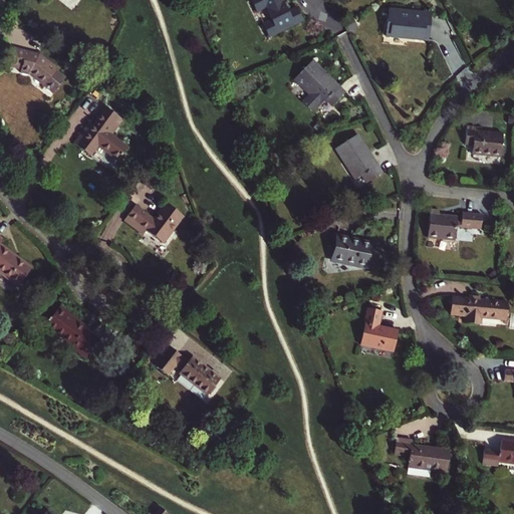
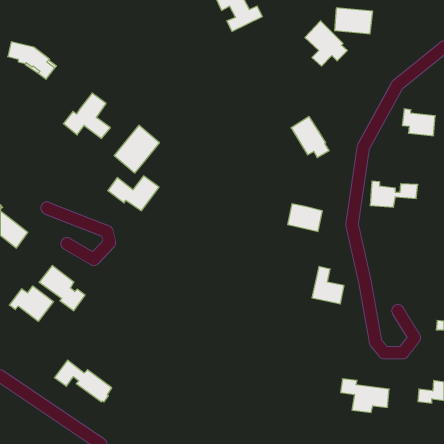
building: [295,59,344,111] -> [305,21,347,66]
building: none -> [114,125,159,173]
building: [450,296,508,323] -> none
building: none -> [9,286,54,321]
building: [155,345,221,394] -> [54,360,112,402]

